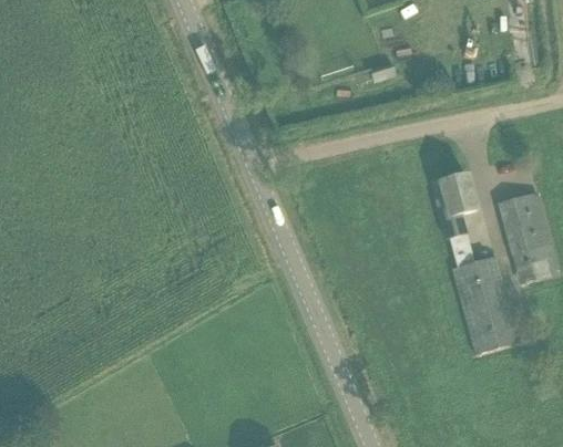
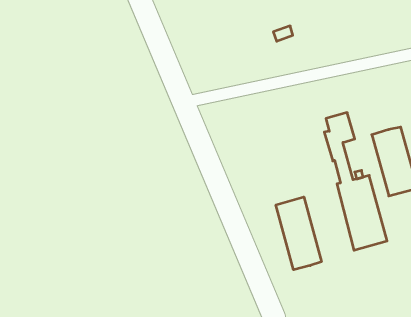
building: none -> [276,197,321,270]

